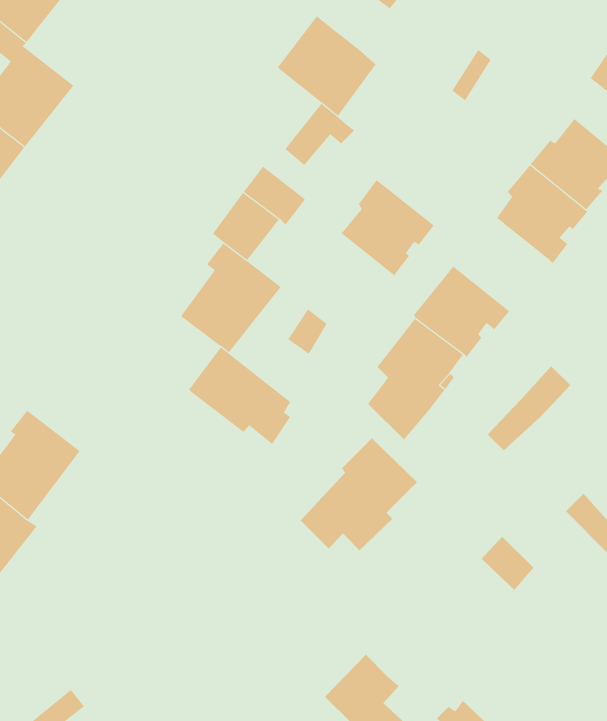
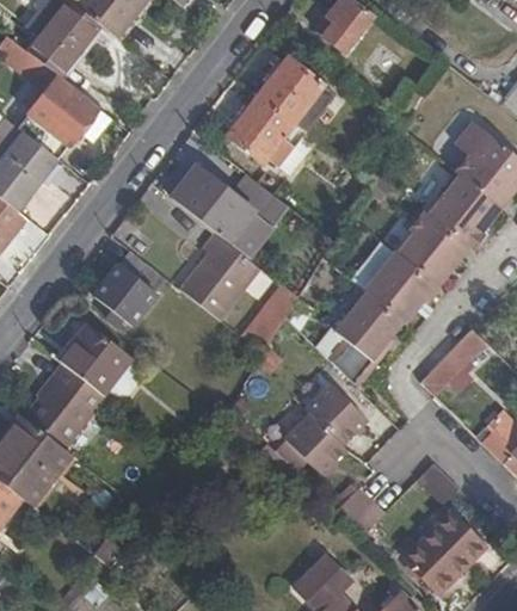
building: none -> [227,97,291,160]
building: none -> [171,167,230,226]
building: [341,180,435,276] -> [395,210,468,285]
building: none -> [94,251,167,325]
building: [188,346,291,445] -> [60,327,140,403]
building: none -> [336,487,383,533]
building: none -> [406,513,486,592]

